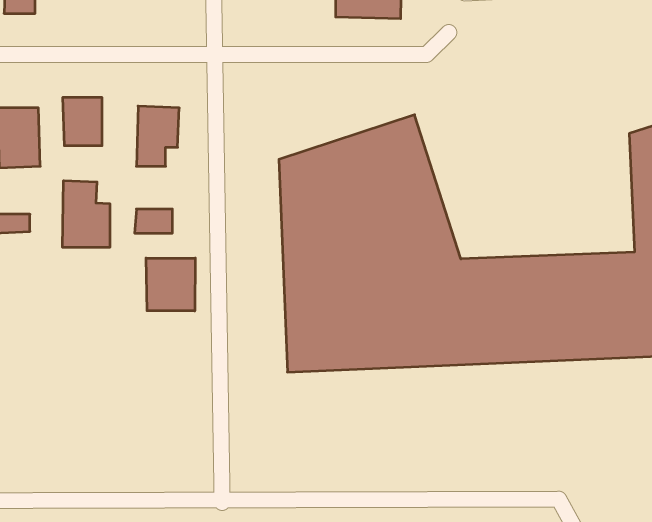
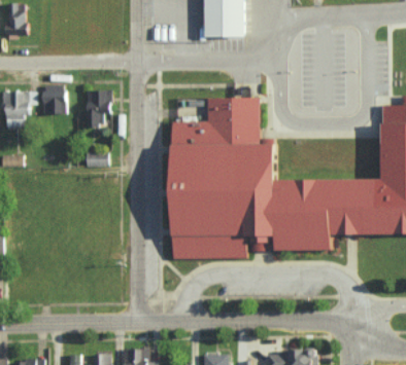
building: [63,181,110,247] -> none
building: [146,258,195,311] -> none

